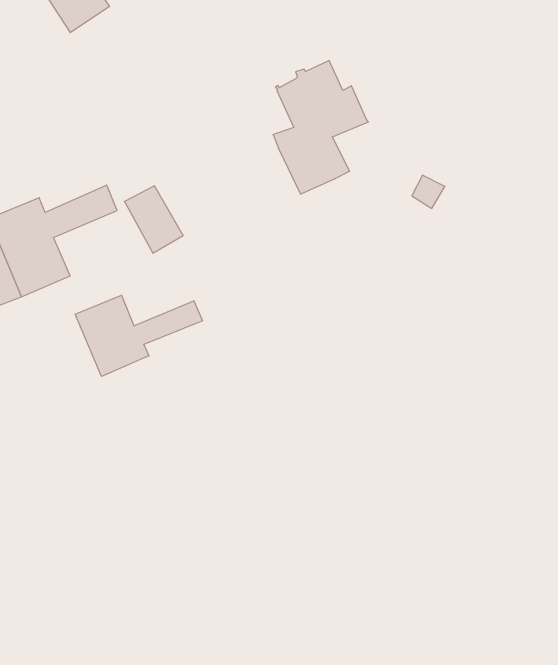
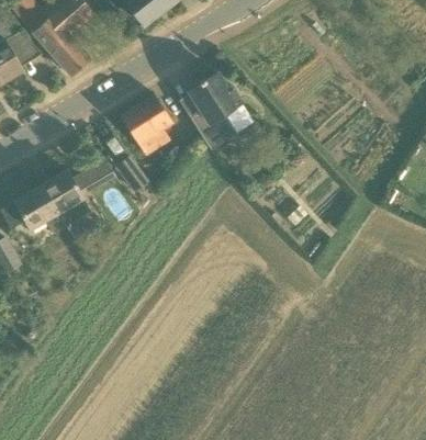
building: none -> [120,93,171,154]
building: [75,295,203,376] -> none

